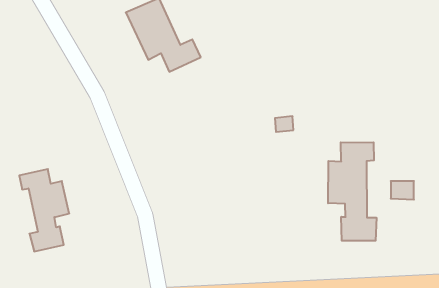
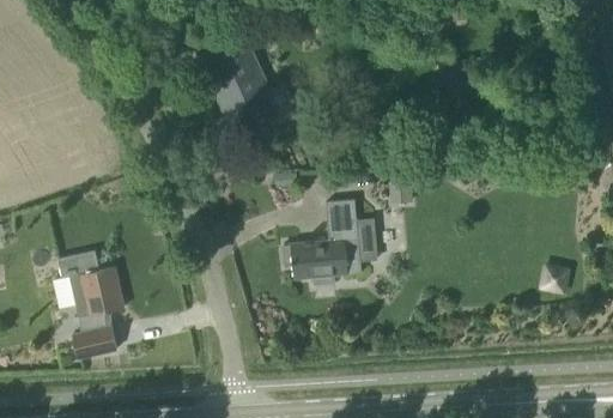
building: none -> [284,200,377,286]
building: [328,142,376,241] -> none

